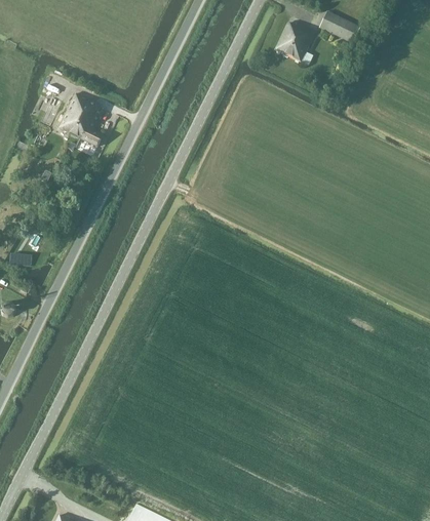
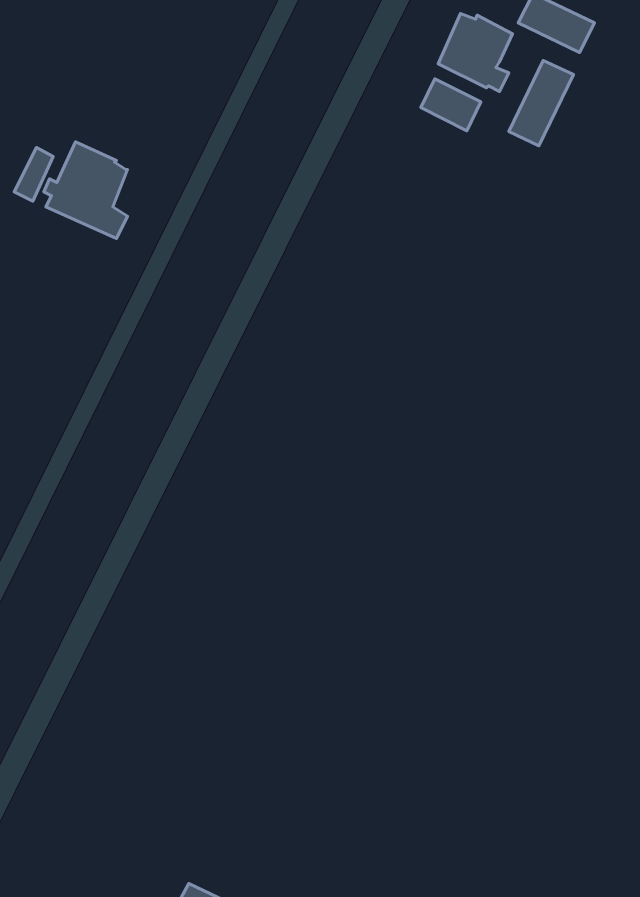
building: none -> [509,60,573,146]
building: none -> [421,79,481,131]

